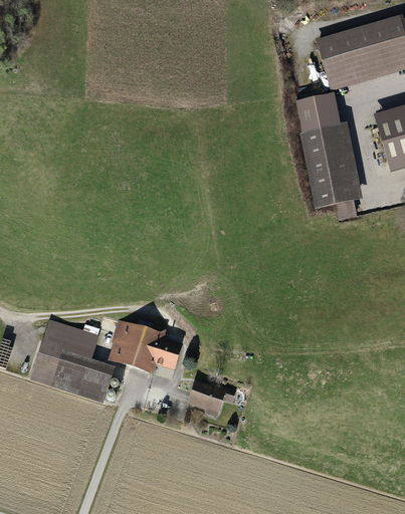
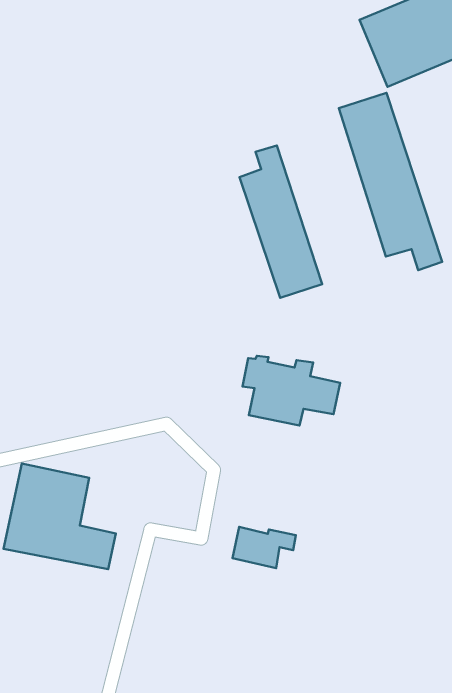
building: none -> [240,145,322,298]
building: [114,320,181,371] -> [243,356,340,425]

